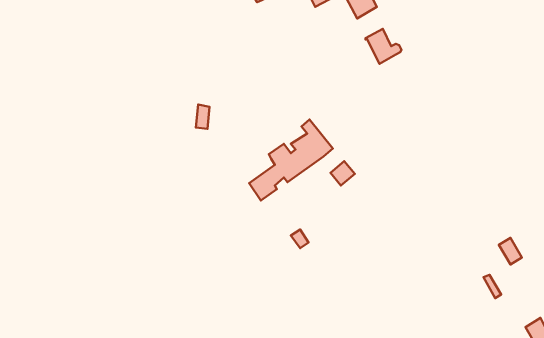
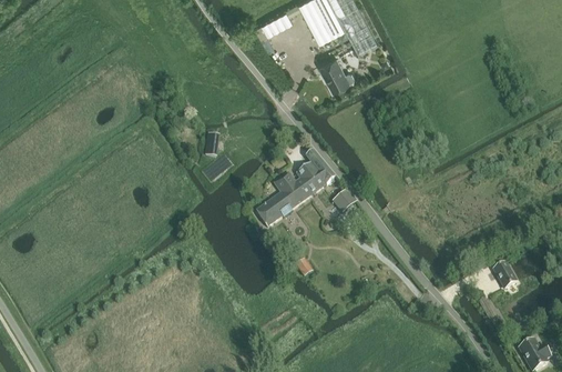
building: [365,29,401,64] -> [319,59,354,92]

